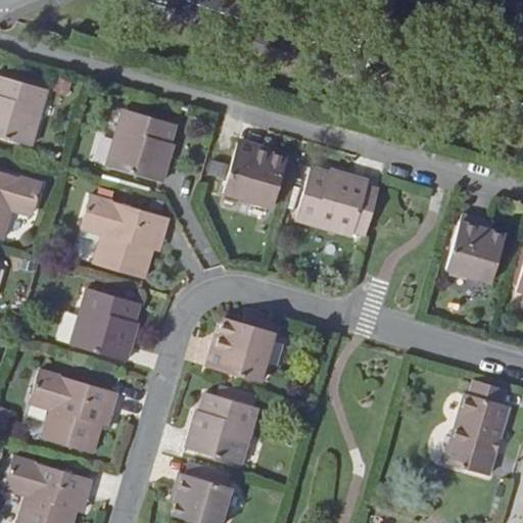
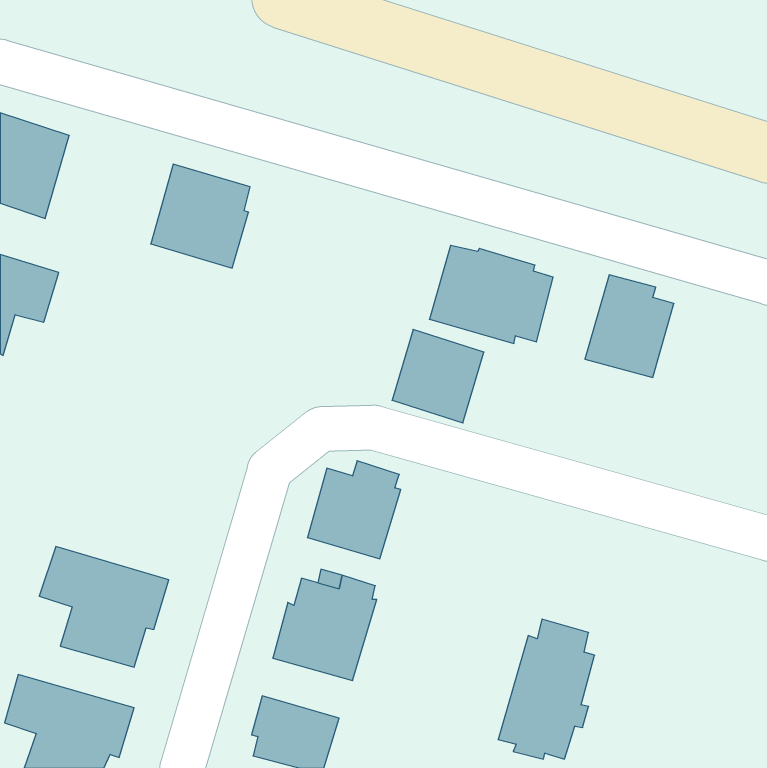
building: [222,143,284,206] -> [392,329,484,423]
building: [79,197,164,278] -> none
building: [447,213,508,283] -> [585,275,674,377]
building: [70,291,138,361] -> none
building: [448,380,514,475] -> [498,619,595,759]

